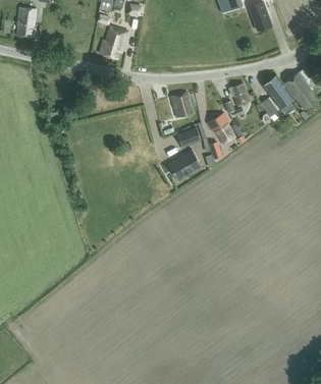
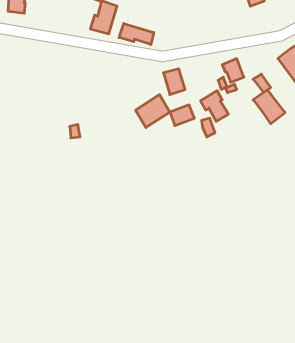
building: none -> [119,23,154,45]
building: [263,75,295,109] -> [253,90,285,124]
building: [168,150,202,182] -> [136,95,170,128]

